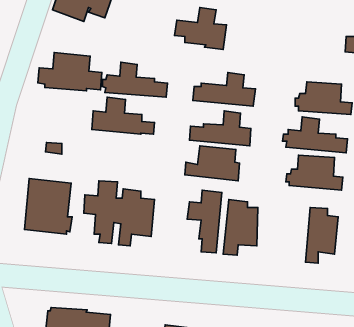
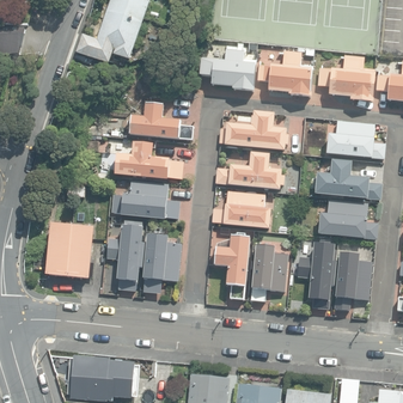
building: none -> [258,56,312,96]
building: none -> [319,60,374,100]
building: [38,53,102,91] -> [115,181,181,220]
building: none -> [299,242,337,309]

